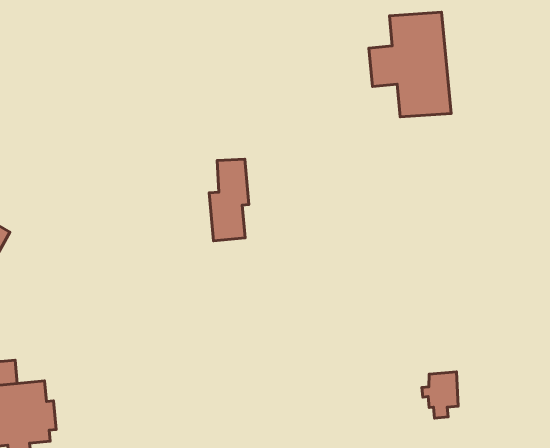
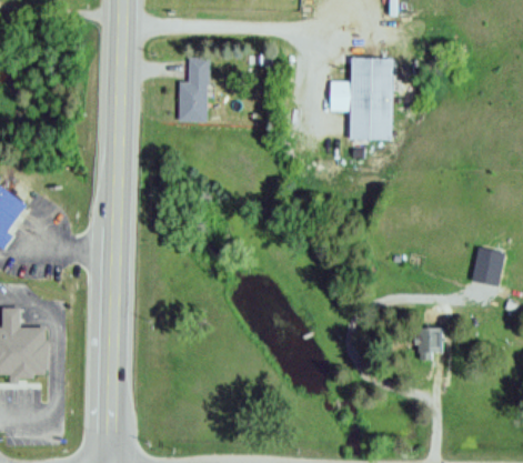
building: [209,159,249,241] -> [178,57,209,121]
building: [422,372,458,418] -> [413,326,442,362]

